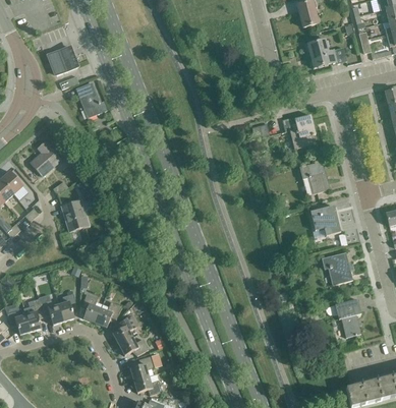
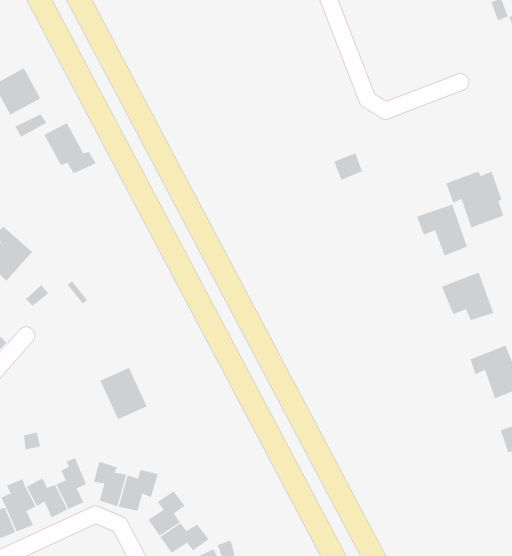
building: [307,39,346,67] -> none
building: [282,113,316,148] -> [446,171,504,228]
building: [61,199,89,231] -> [100,367,147,420]

